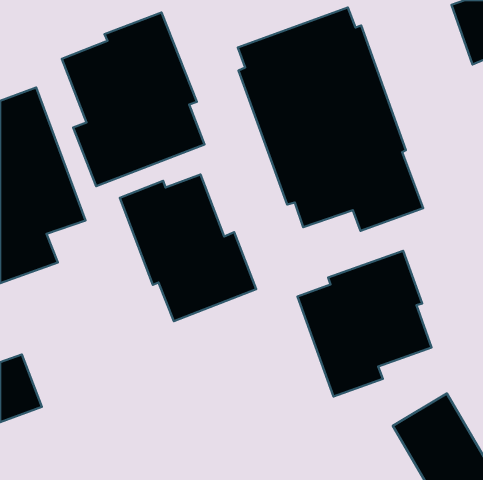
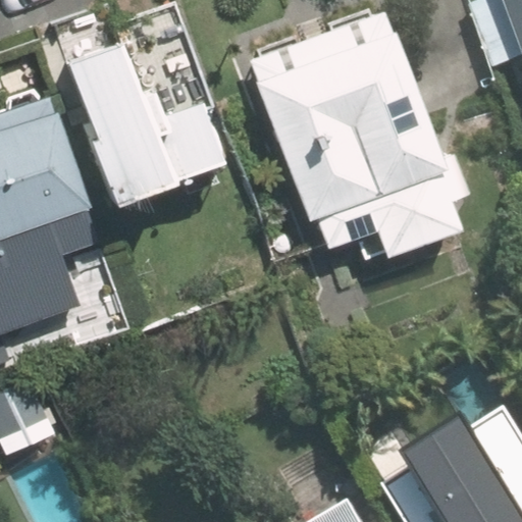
building: [120,175,256,321] -> none
building: [297,251,431,396] -> none

